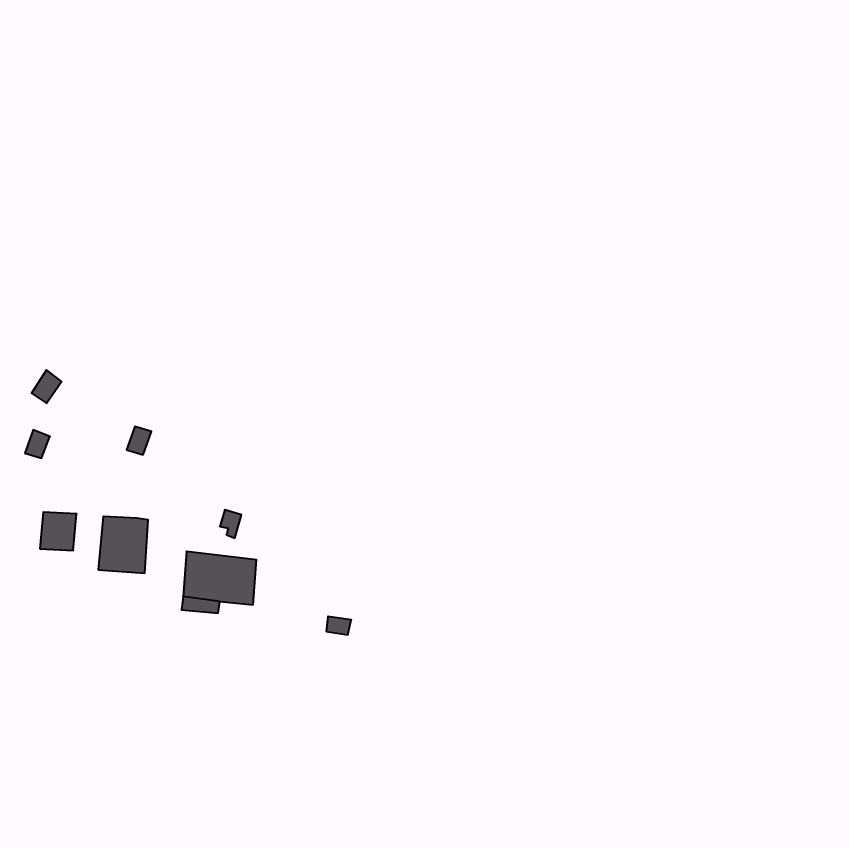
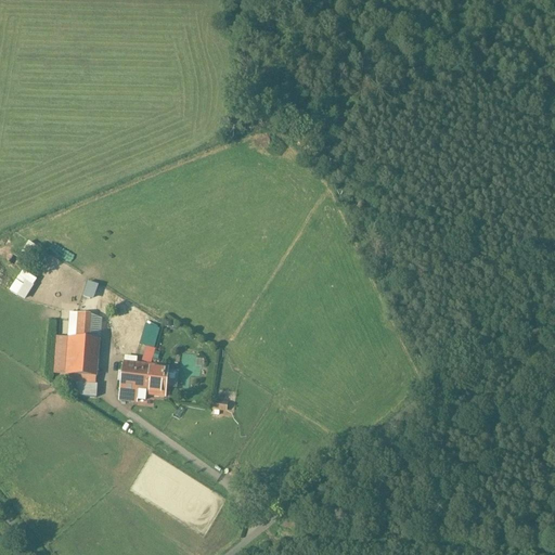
building: [40,512,77,550] -> [67,312,91,337]

